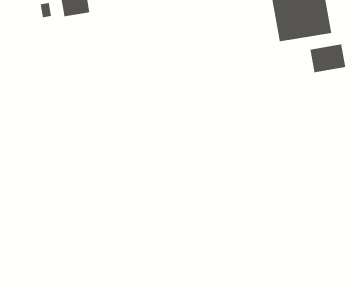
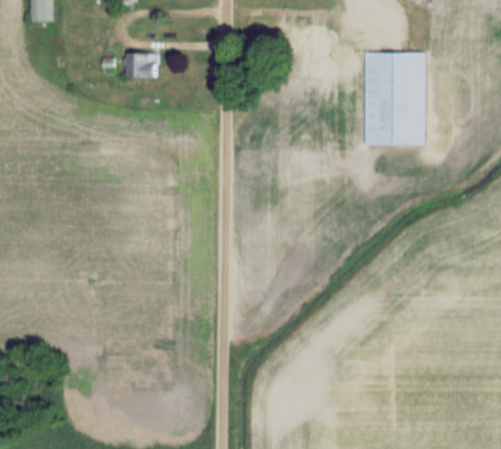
building: [310,43,346,73] -> none

